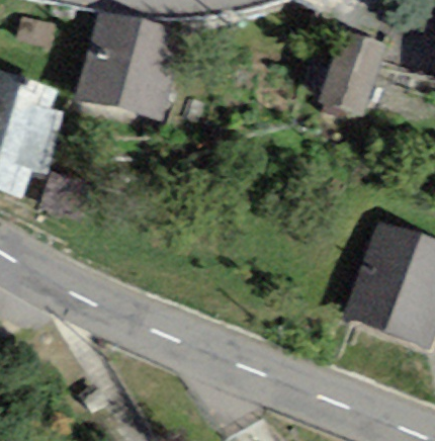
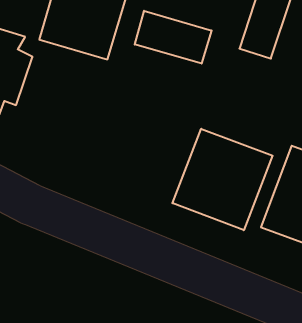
building: none -> [135,11,212,64]
building: none -> [172,129,273,230]

